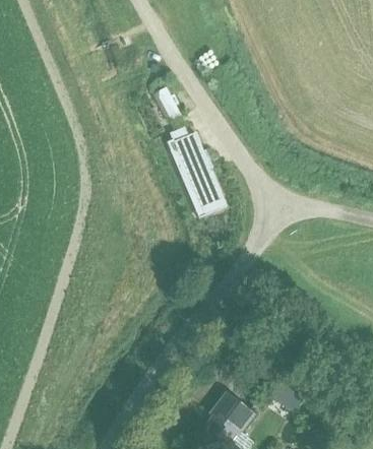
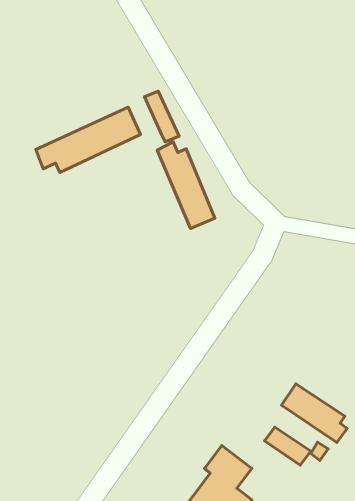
building: none -> [36,107,141,172]
building: none -> [281,384,347,443]

